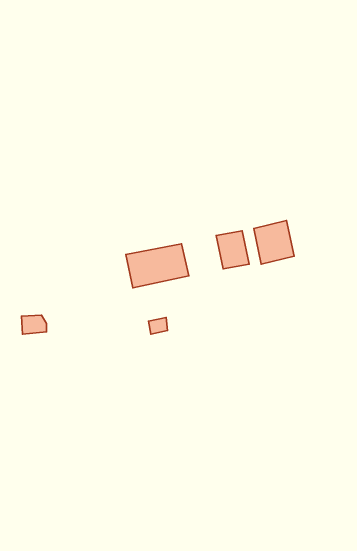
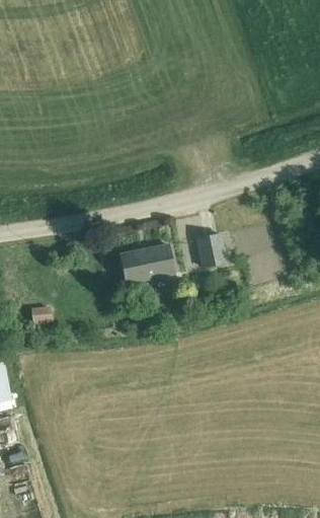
building: [254,221,294,264] -> none

